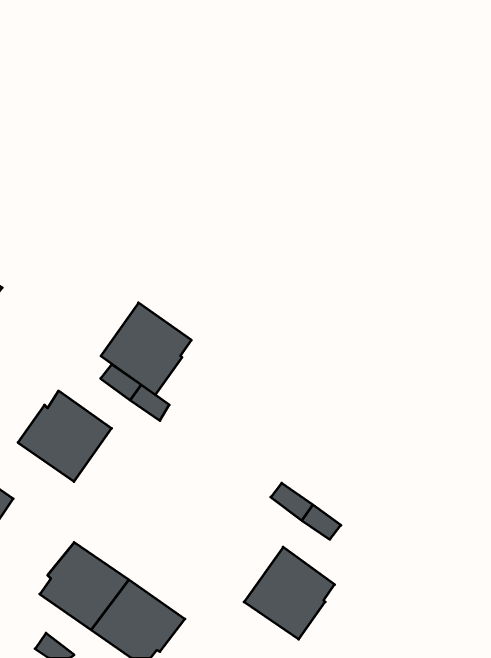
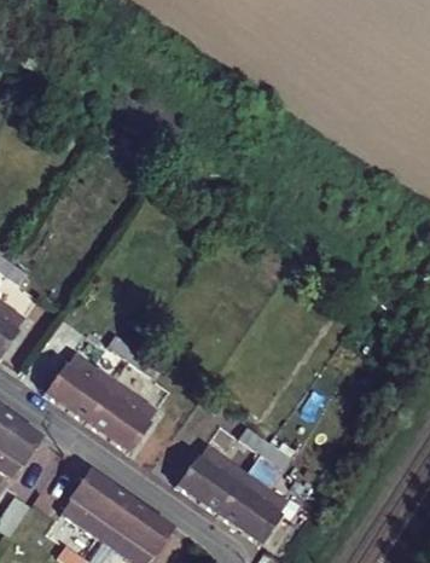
building: [101,303,191,395] -> [88,382,158,453]
building: none -> [176,445,250,516]

